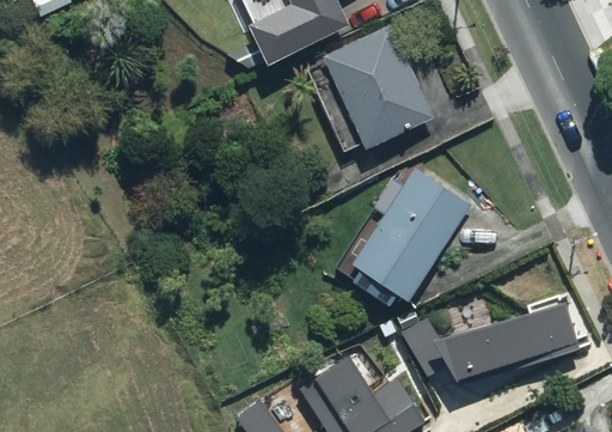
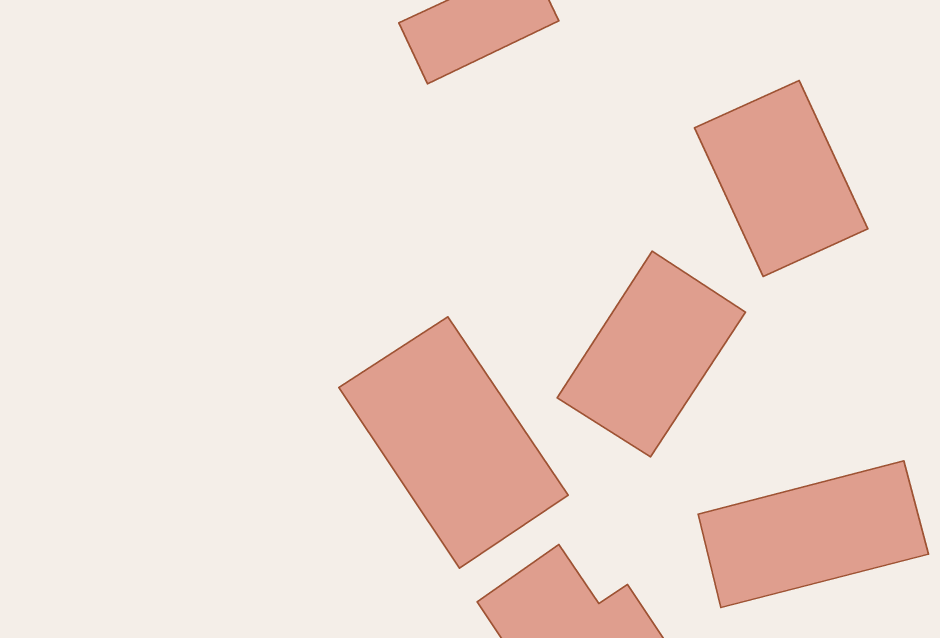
building: [323,26,432,150] -> [694,80,868,277]
building: none -> [339,317,568,568]

